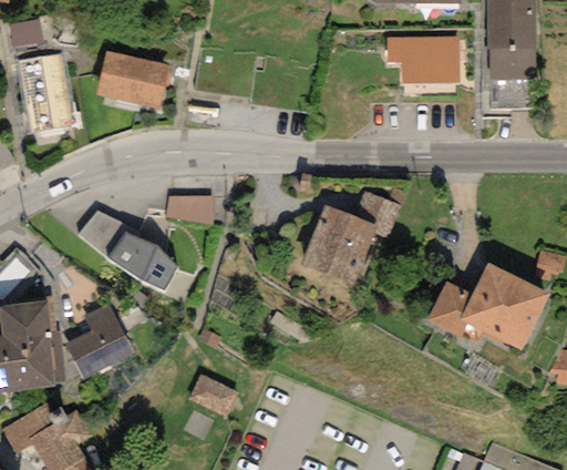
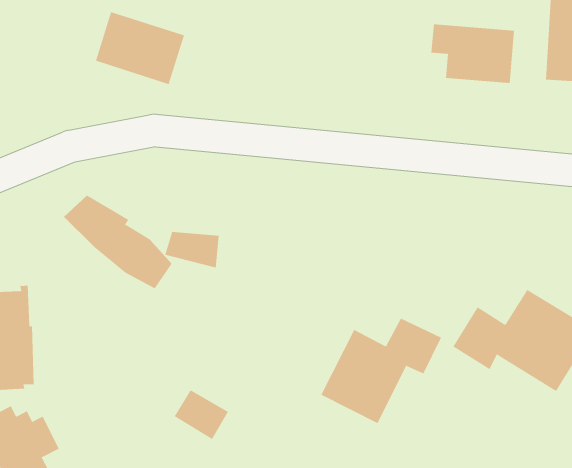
building: [16,54,73,134] -> none
building: [299,190,401,284] -> [321,318,442,424]
building: [165,195,212,224] -> [164,231,219,268]
building: [65,303,133,378] -> none

